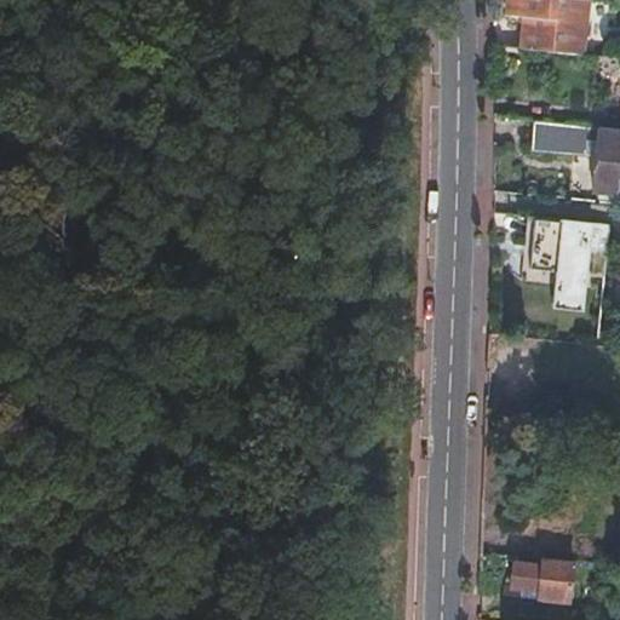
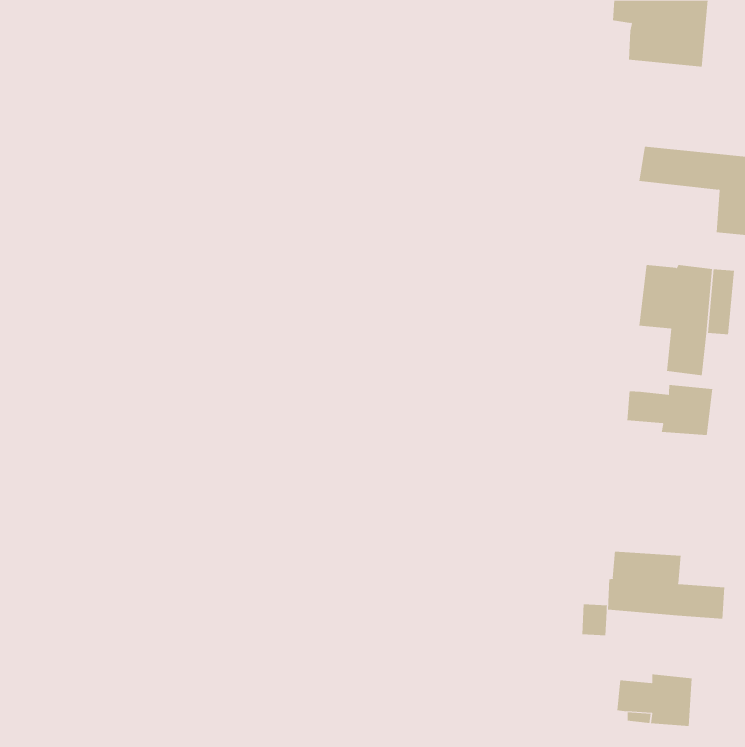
building: none -> [627,384,713,436]
building: none -> [607,551,725,619]

